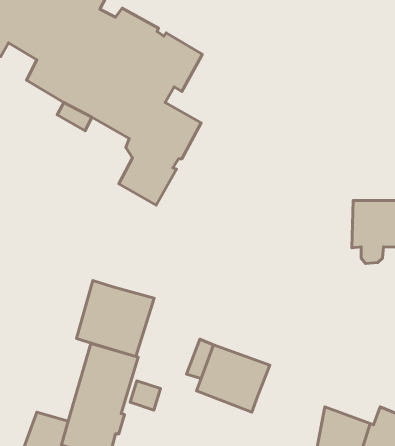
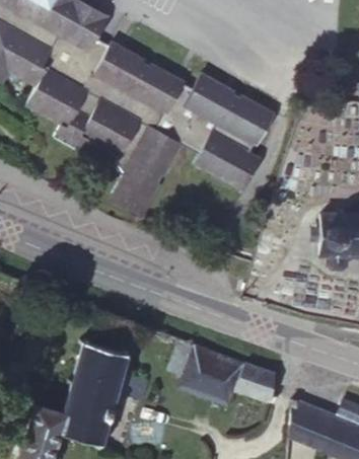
building: none -> [151,73,275,192]
building: [76,281,154,356] -> none
building: none -> [234,362,277,404]

